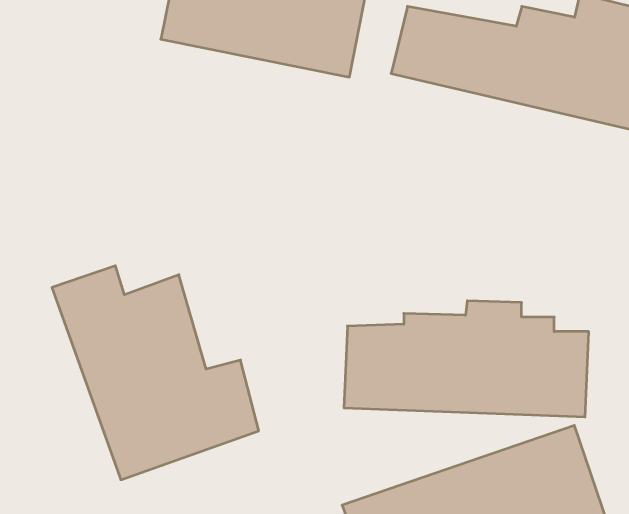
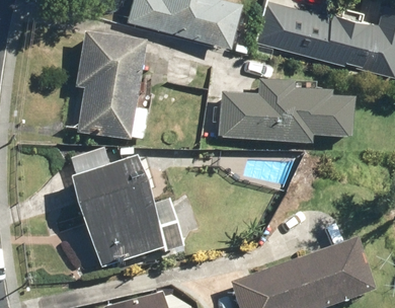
building: none -> [75,33,148,145]
building: [344,301,589,417] -> [216,81,352,146]

